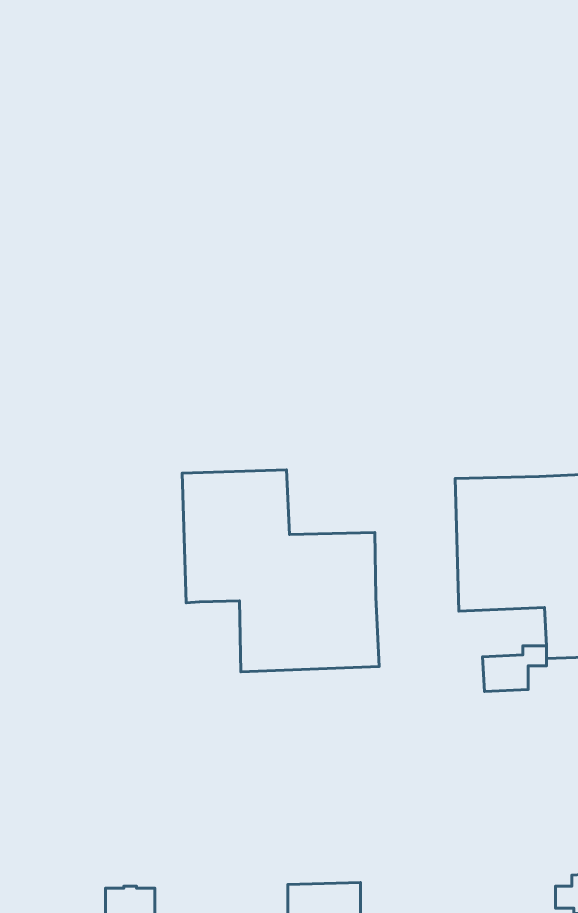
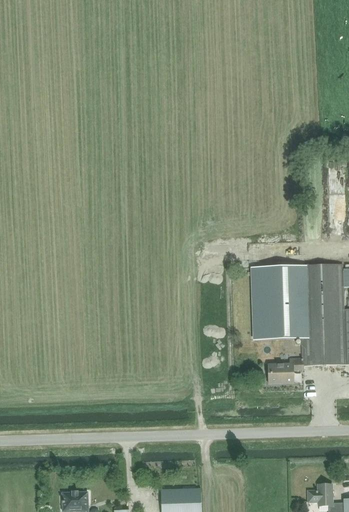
building: [182,470,379,672] -> none

